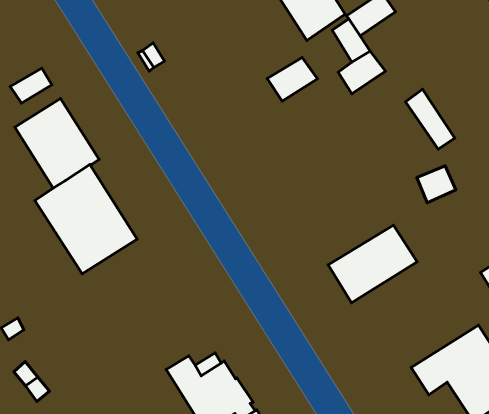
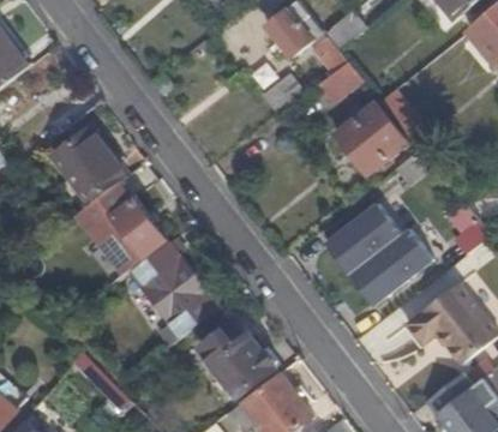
building: none -> [334,103,406,174]
building: none -> [130,236,210,331]
building: none -> [349,229,433,306]

